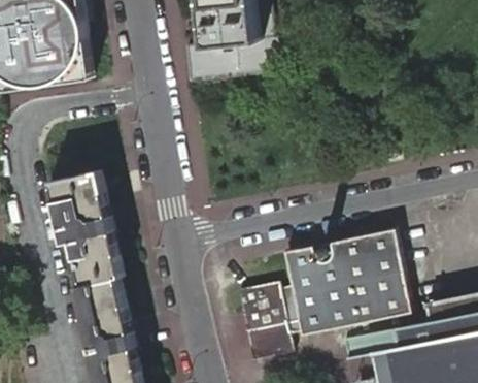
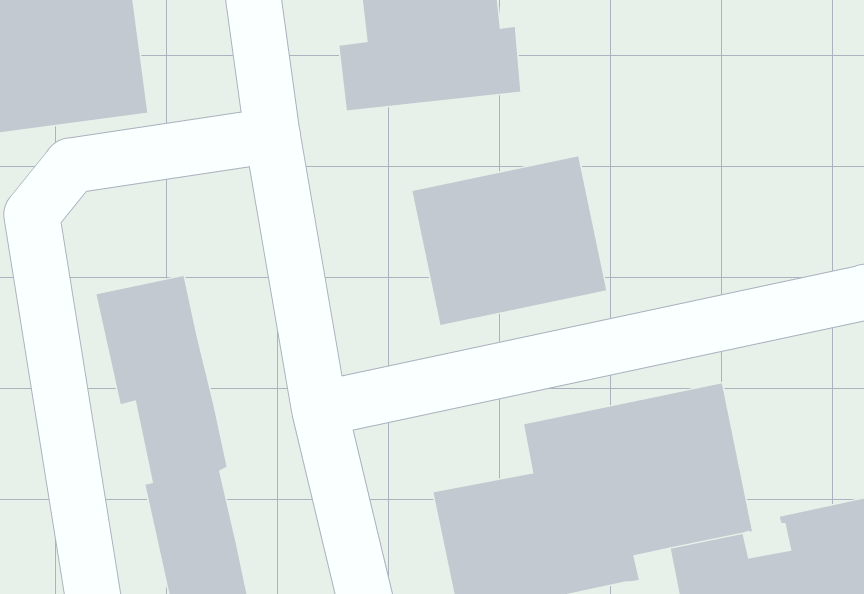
building: none -> [412,155,607,326]

